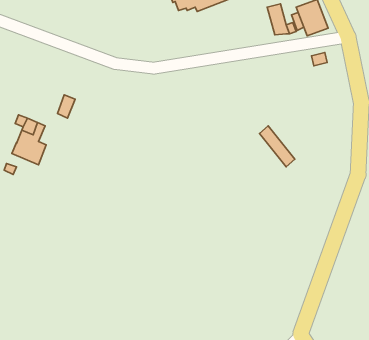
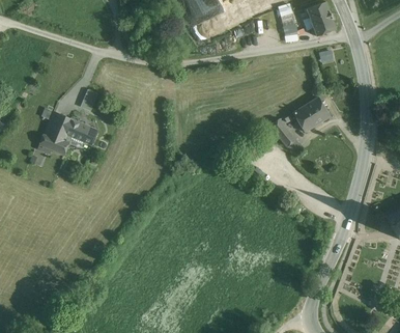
building: none -> [293,98,331,133]
building: none -> [64,119,97,145]

